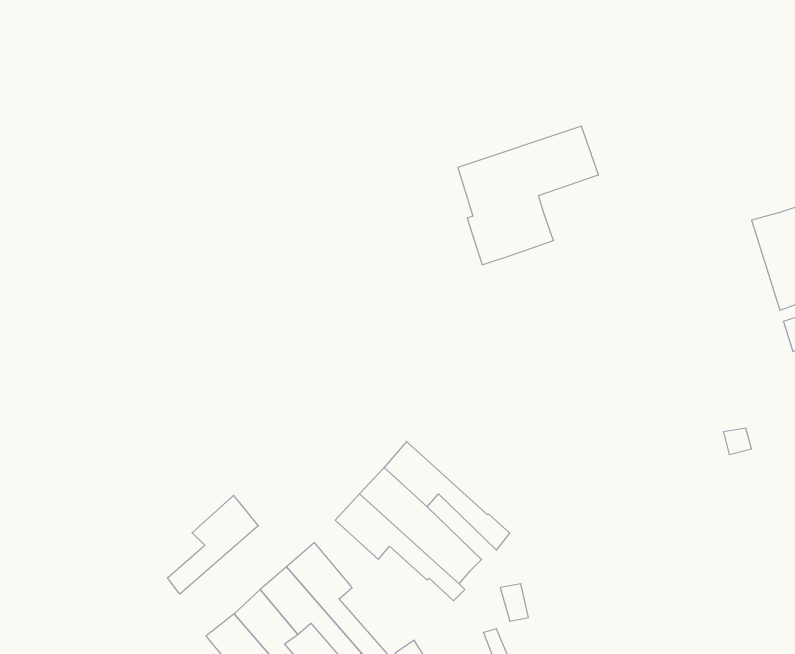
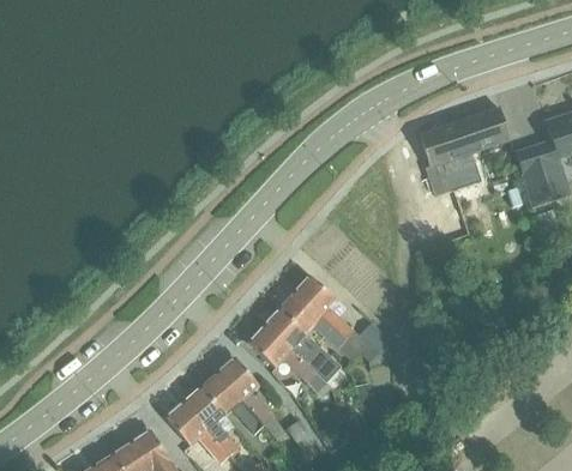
building: [458,126,599,265] -> [420,107,510,195]
building: none -> [294,274,391,364]
building: [167,495,258,594] -> none

